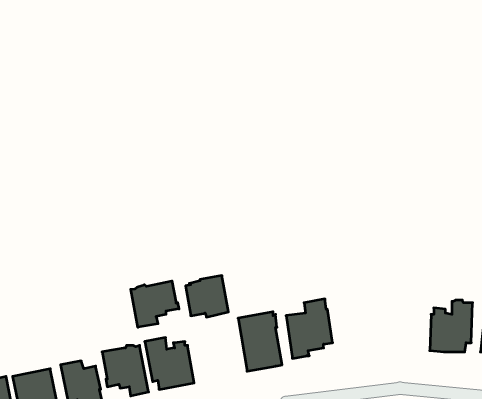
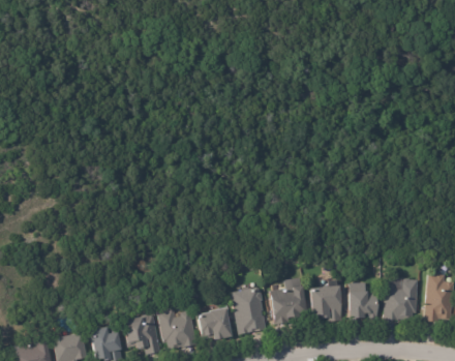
building: [186,276,228,317] -> [198,307,232,340]
building: [131,281,179,327] -> none
building: none -> [350,282,380,320]
building: none -> [311,285,342,322]

